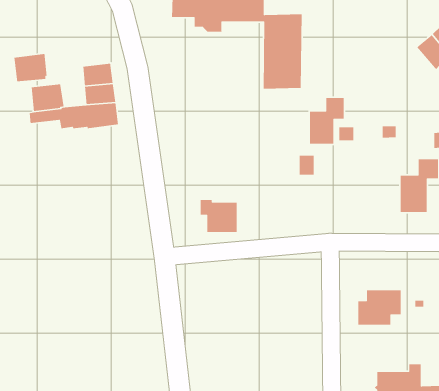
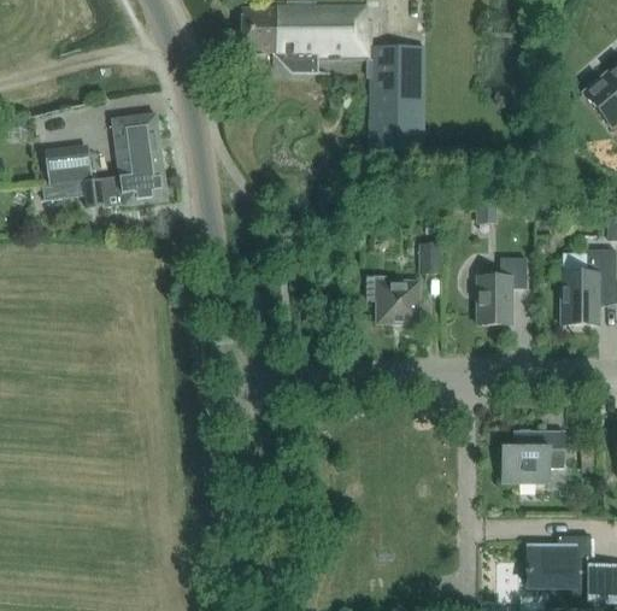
building: [14,53,47,82] -> none
building: [309,97,344,144] -> [476,257,525,323]
building: [200,199,238,233] -> [366,276,419,323]

